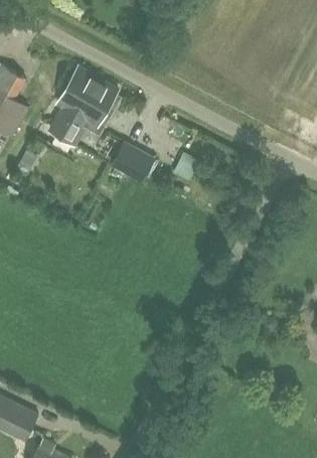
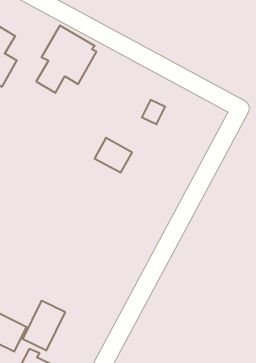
building: [110,141,153,181] -> [95,138,132,173]
building: none -> [23,301,65,351]

